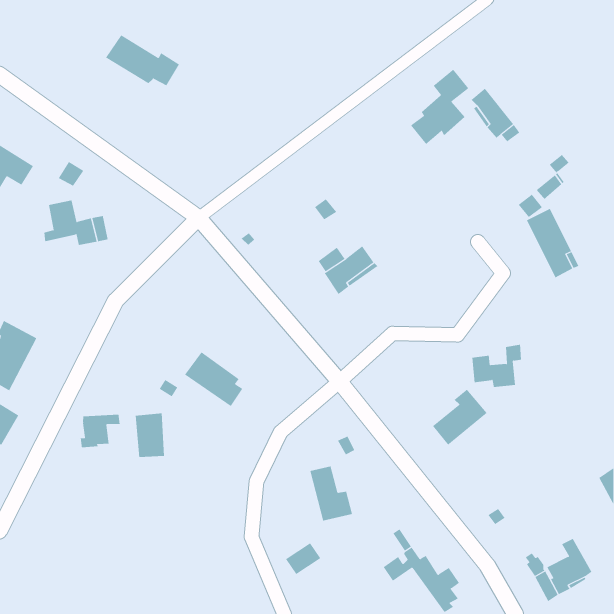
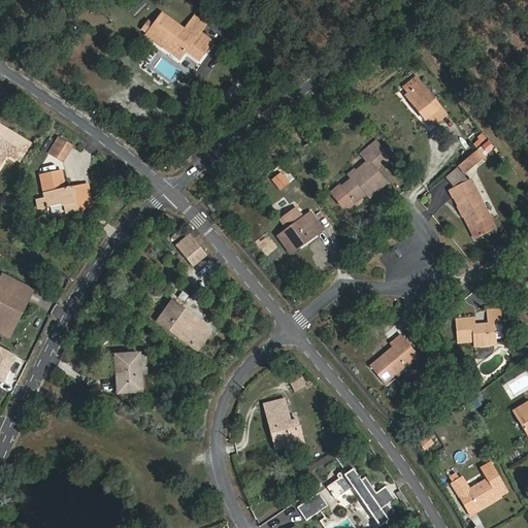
building: [105,35,180,86] -> [147,12,211,57]
building: [410,69,469,145] -> [339,138,390,203]
building: none -> [176,234,206,265]
building: [471,344,522,388] -> [457,307,500,344]
building: [80,414,120,448] -> none
building: [285,542,321,575] -> [297,492,328,520]

